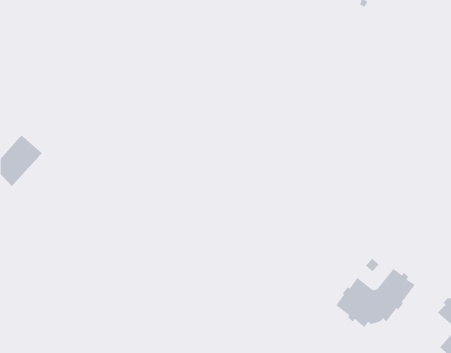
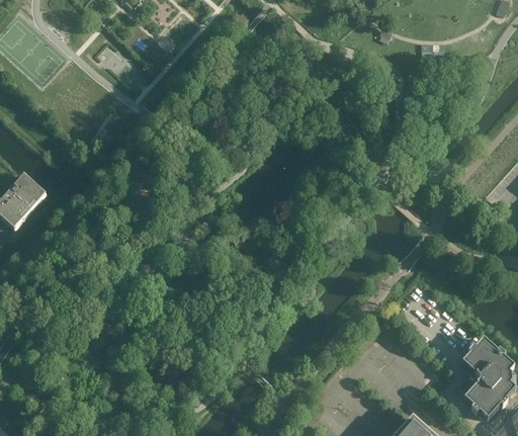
building: [336,268,416,328] -> none

